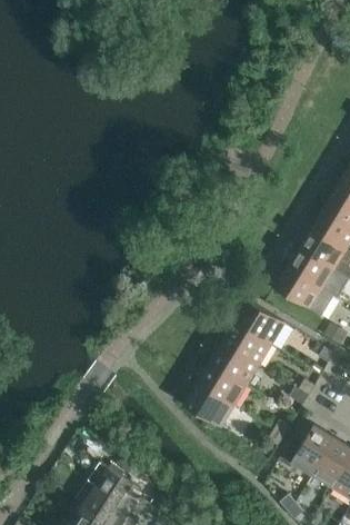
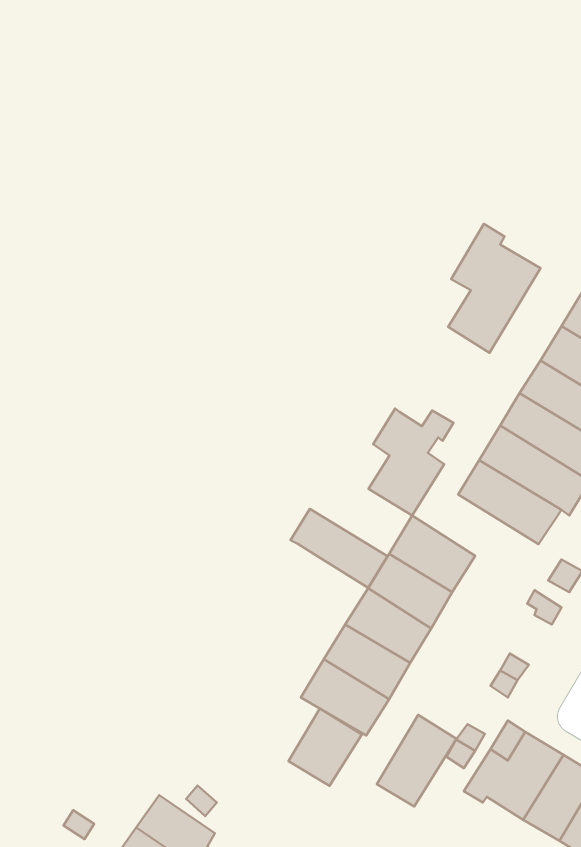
building: none -> [448,224,541,353]
building: none -> [368,409,453,516]
building: none -> [290,509,388,588]
building: none -> [289,708,362,786]
building: none -> [377,715,456,807]

